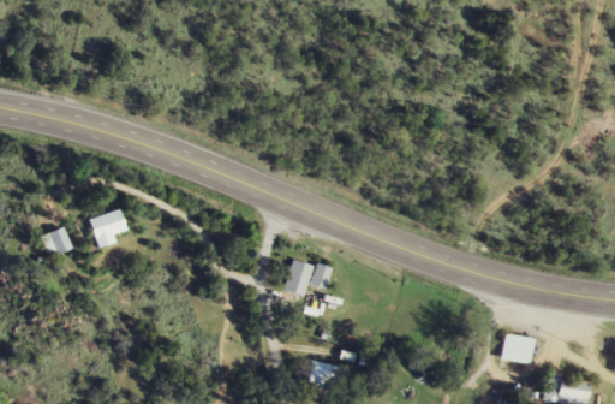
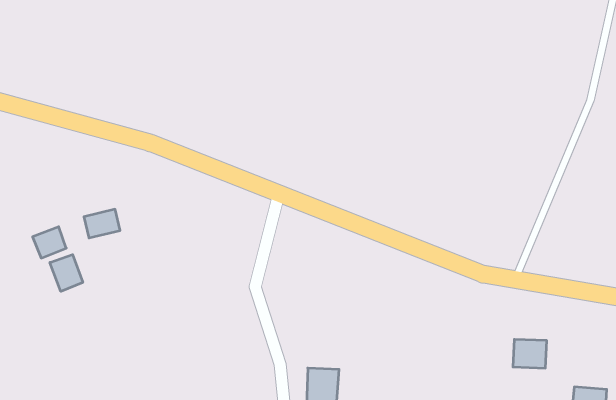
building: none -> [50,255,83,291]
building: [281,257,330,299] -> none

